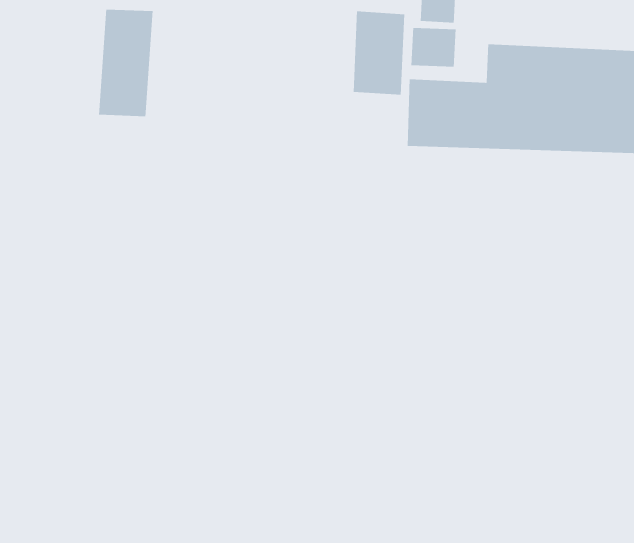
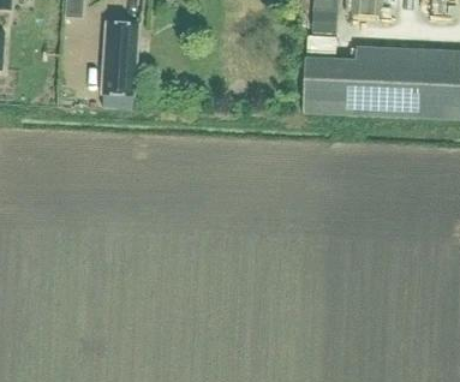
building: [353,11,405,96] -> none

